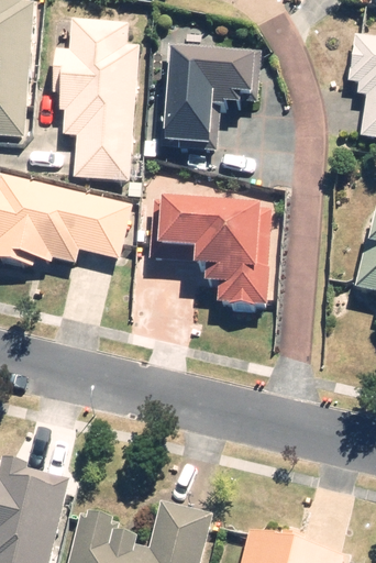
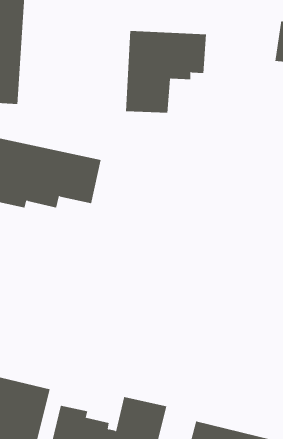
building: [57,19,137,179] -> none
building: [150,202,273,306] -> none

